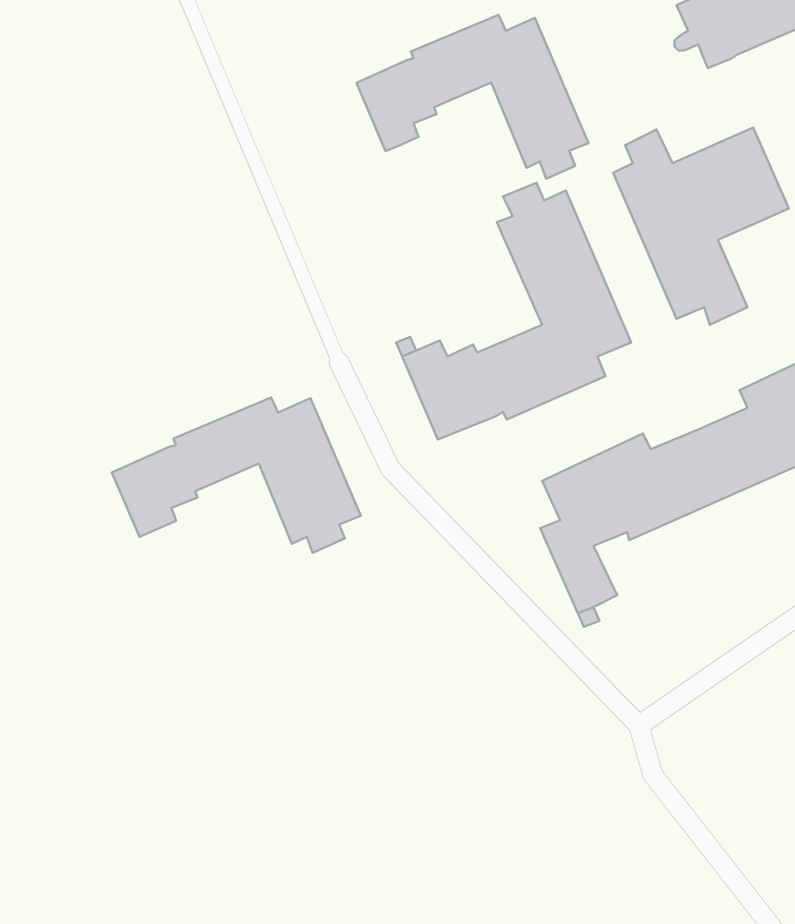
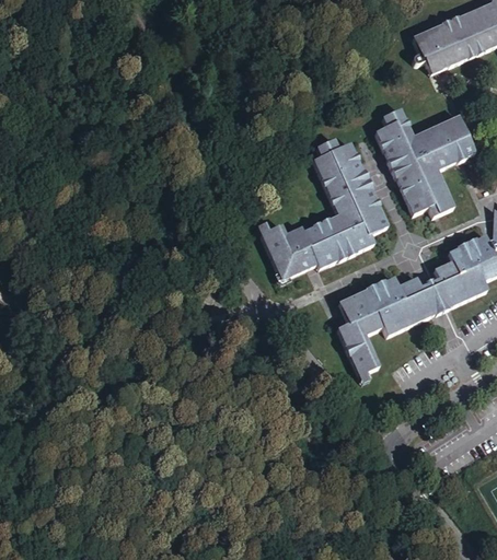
building: [356,15,588,179] -> none
building: [112,398,361,553] -> none

